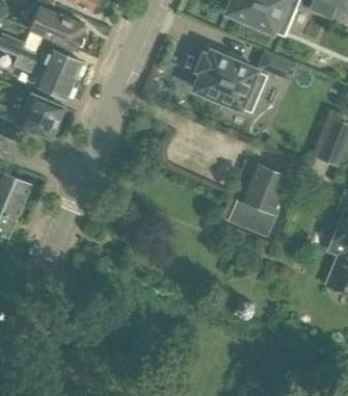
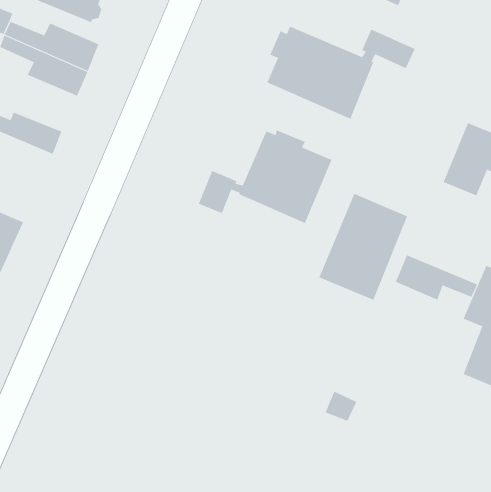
building: [23,93,62,122] -> none
building: none -> [198,130,332,224]
building: none -> [395,254,478,301]

